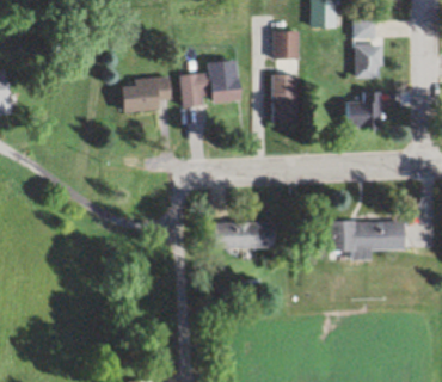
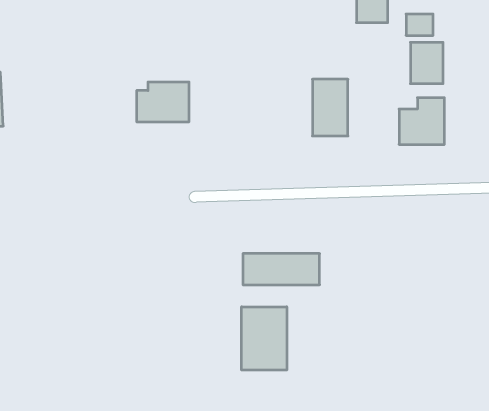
building: [272,30,299,60] -> none
building: [179,73,244,105] -> none
building: [331,221,407,259] -> none
building: none -> [242,307,287,370]

